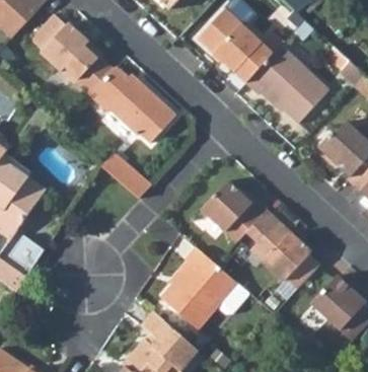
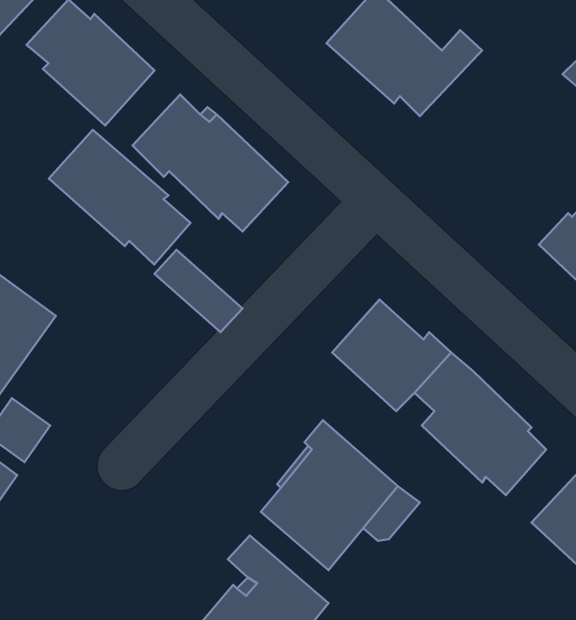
building: [244,44,329,123] -> none
building: none -> [49,130,191,264]

